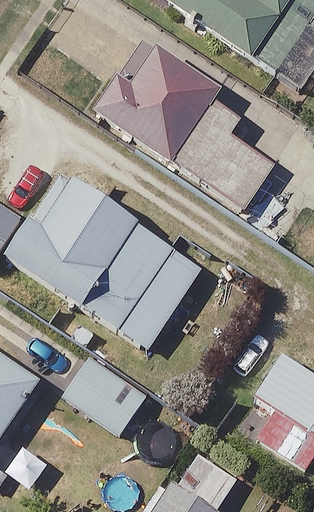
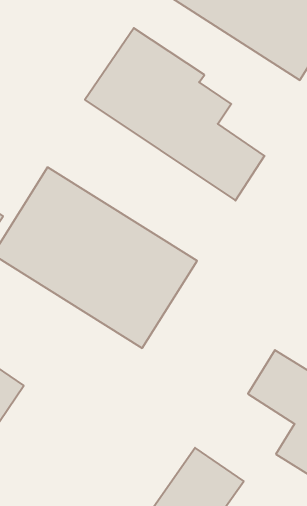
building: [63,355,146,432] -> none

